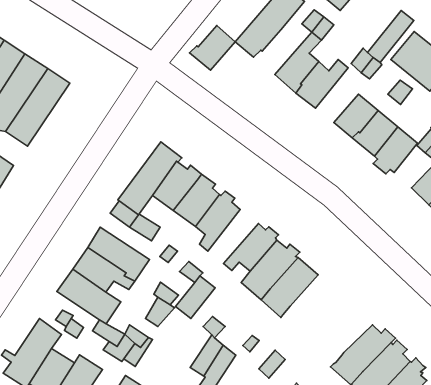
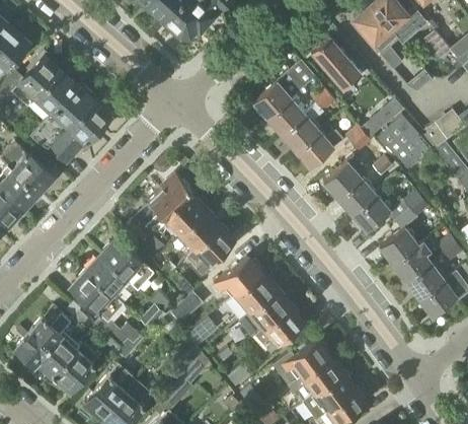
building: [189,25,235,70] -> [265,98,305,135]
building: none -> [255,305,302,352]
building: none -> [272,339,332,385]

